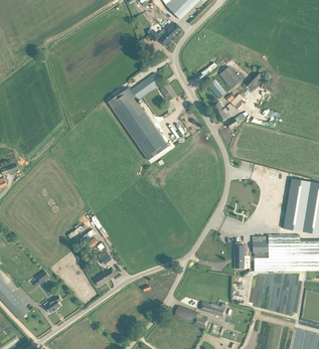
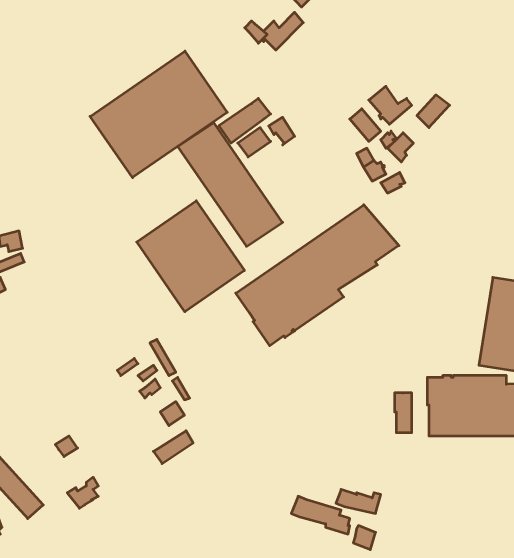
building: none -> [90,51,227,178]
building: none -> [137,201,244,312]
building: none -> [236,205,399,346]

